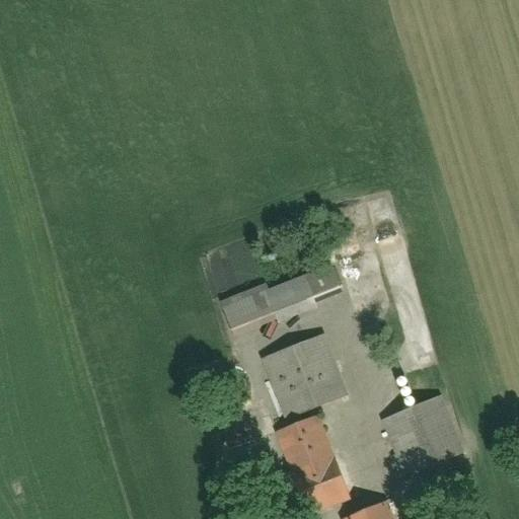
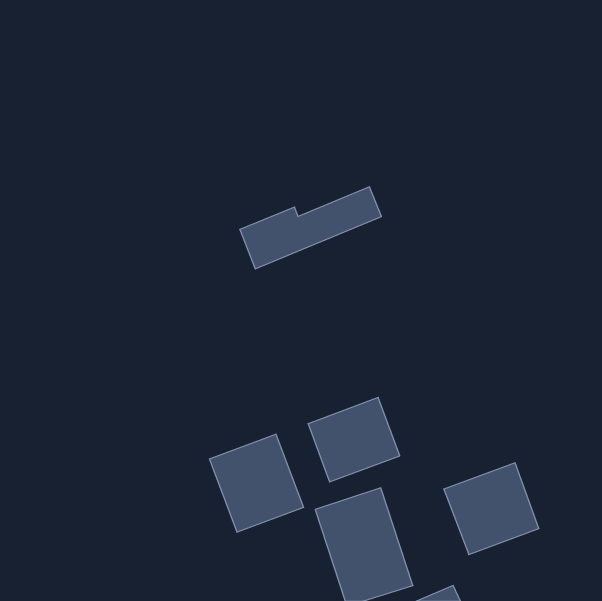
building: [223,263,344,332] -> [240,187,381,269]
building: none -> [209,434,304,532]

